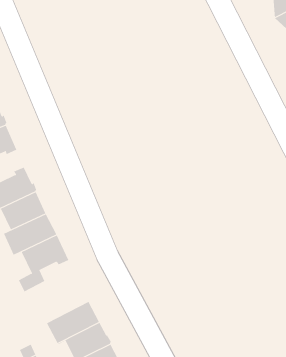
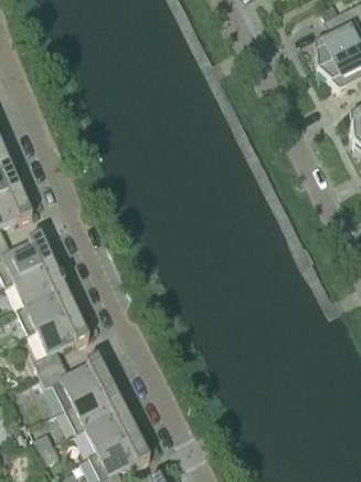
building: none -> [38,355,109,407]

